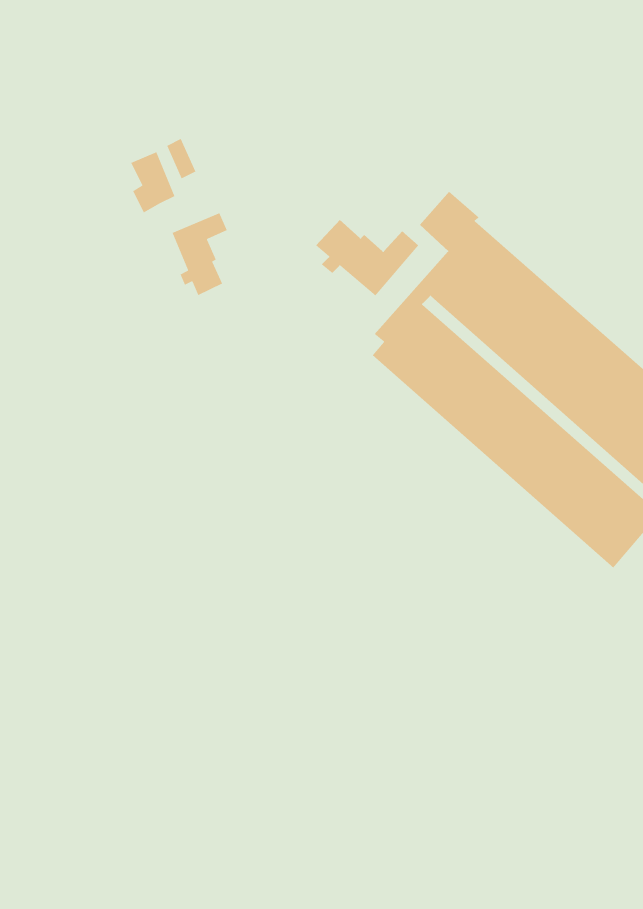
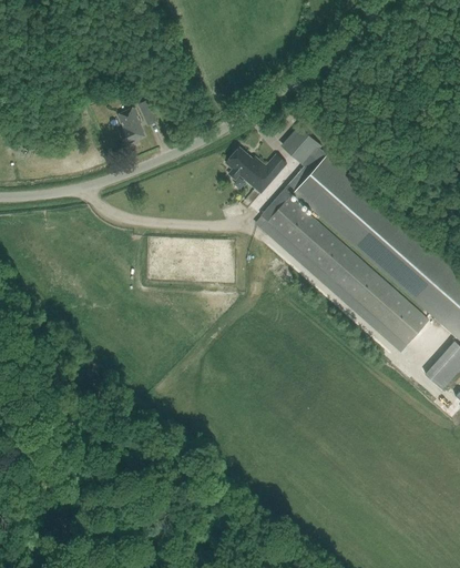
building: [172,212,228,296] -> none

